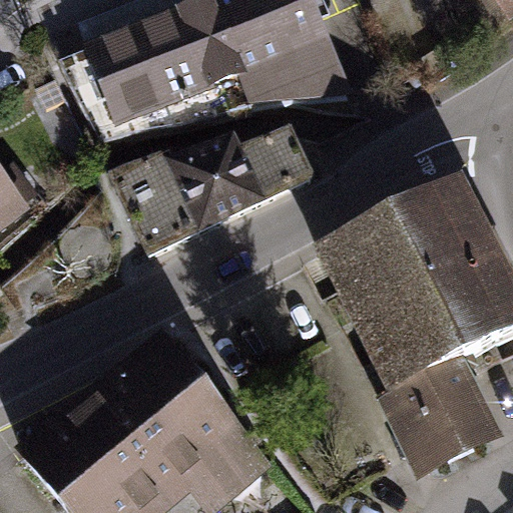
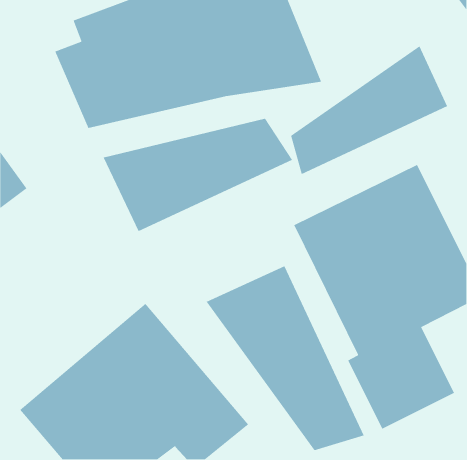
building: none -> [290,45,448,175]
building: none -> [206,265,365,451]

